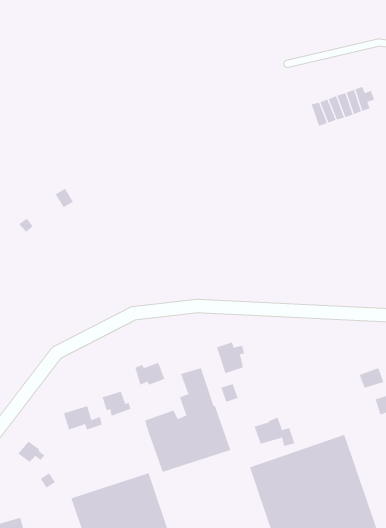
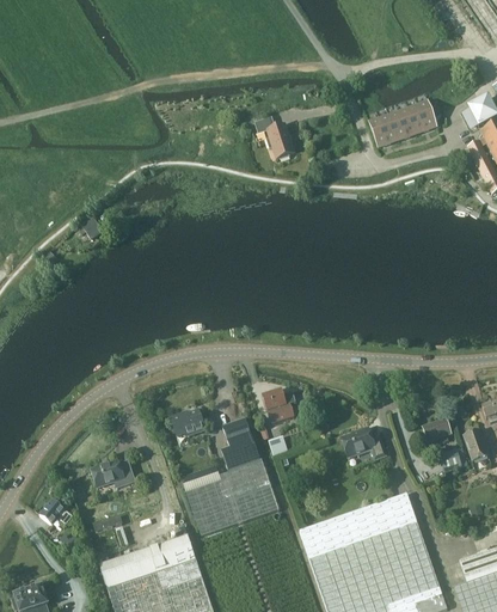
building: none -> [256,117,295,159]
building: [102,391,131,416] -> none
building: [254,417,295,447] -> [340,428,387,461]

